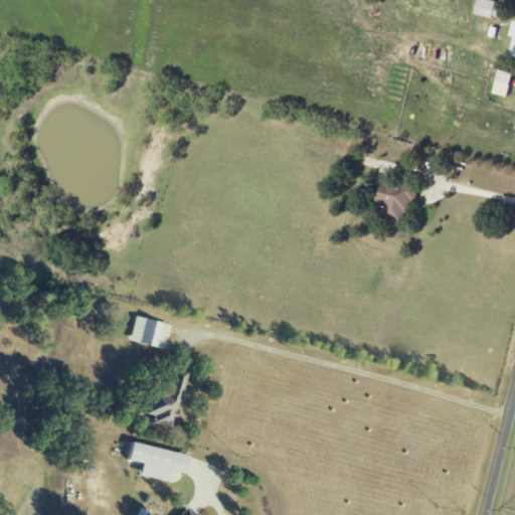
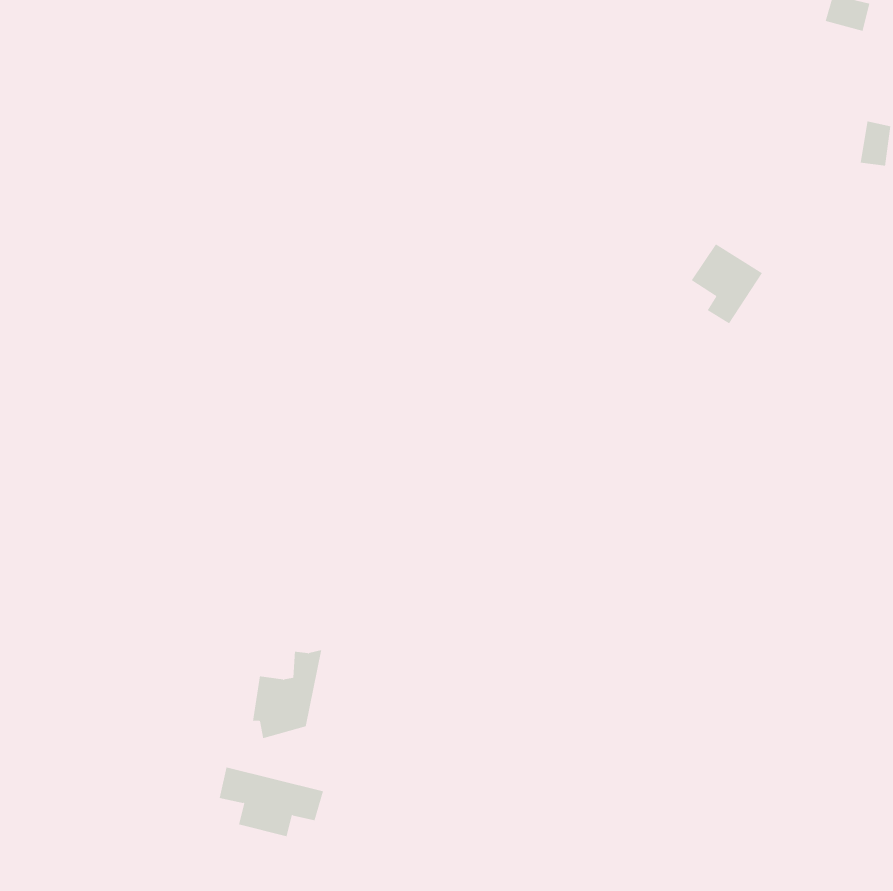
building: [376,176,417,222] -> [691,244,763,324]
building: [126,315,168,349] -> none

